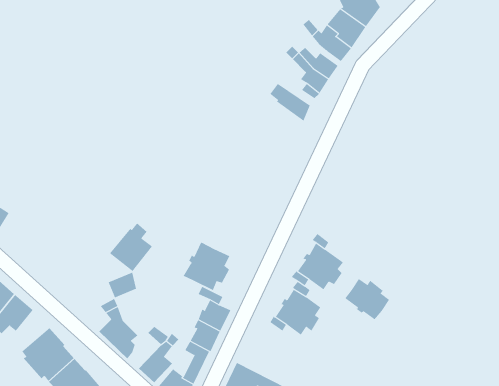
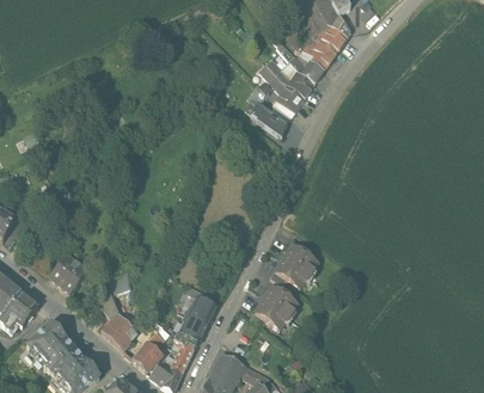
building: [109,223,153,272] -> [48,248,87,293]
building: [183,242,230,291] -> none
building: [344,278,390,320] -> none

